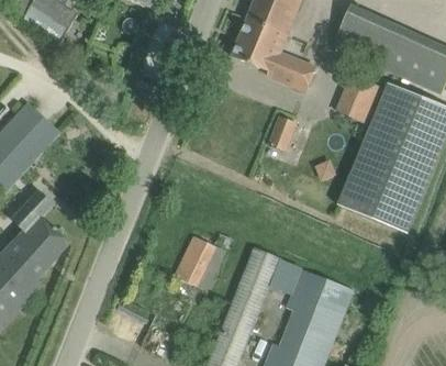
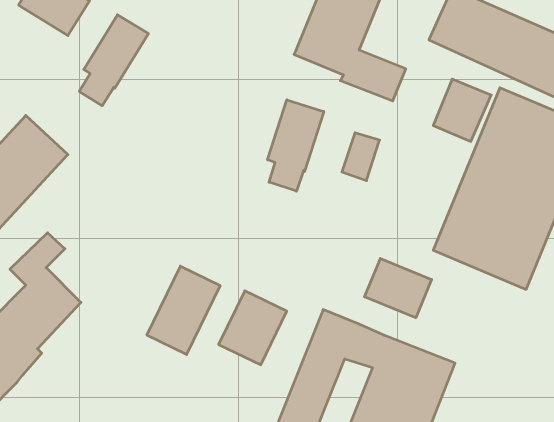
building: none -> [79,15,148,106]
building: none -> [268,100,324,191]
building: none -> [365,258,432,318]
building: none -> [147,266,220,355]

